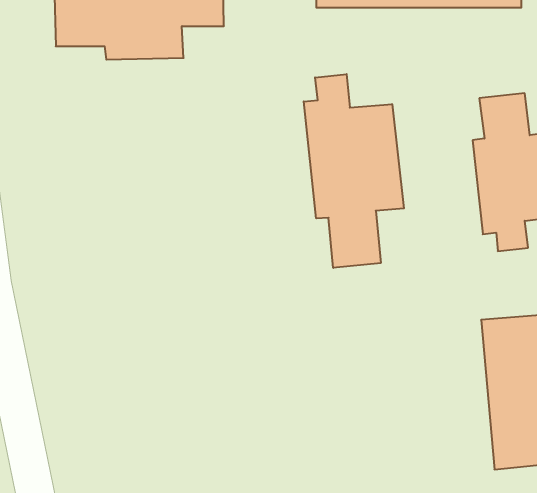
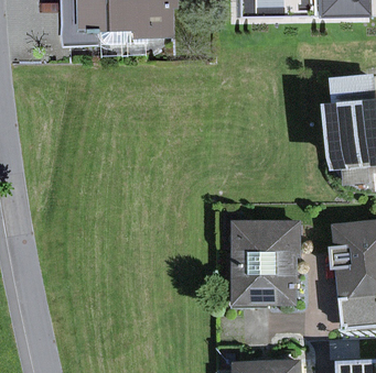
building: [304,74,404,268] -> none
building: none -> [241,222,296,298]

